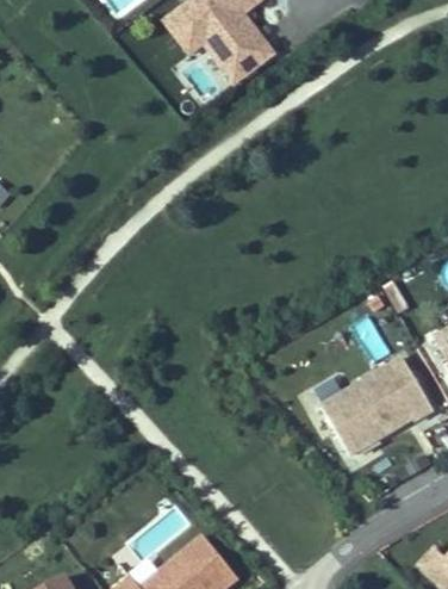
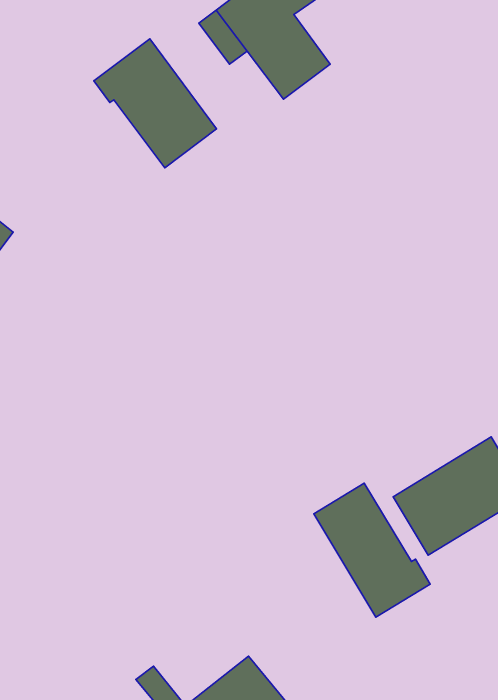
building: none -> [94,39,216,168]
building: none -> [314,483,430,617]

